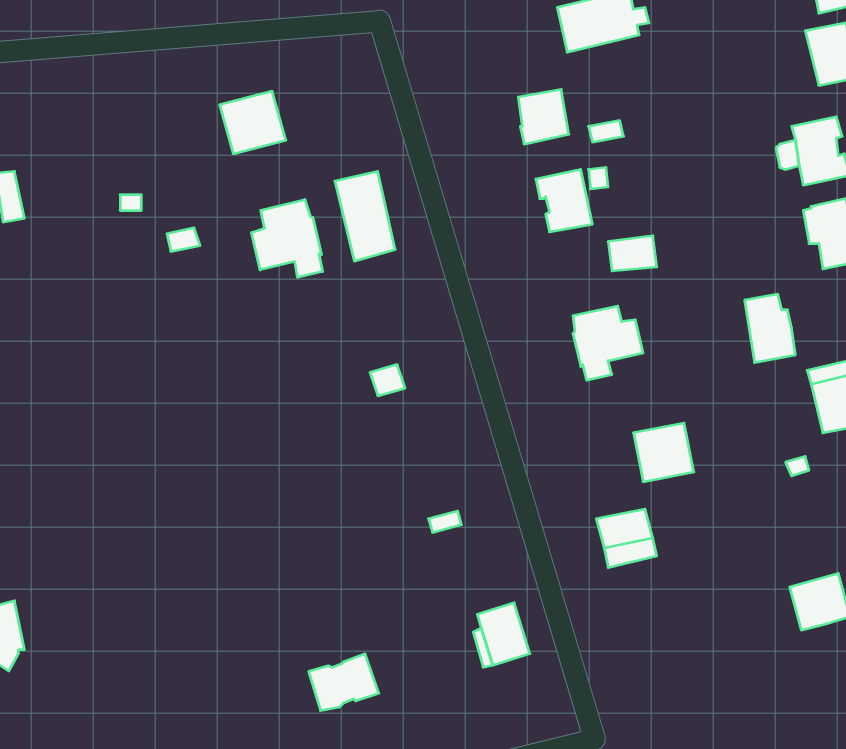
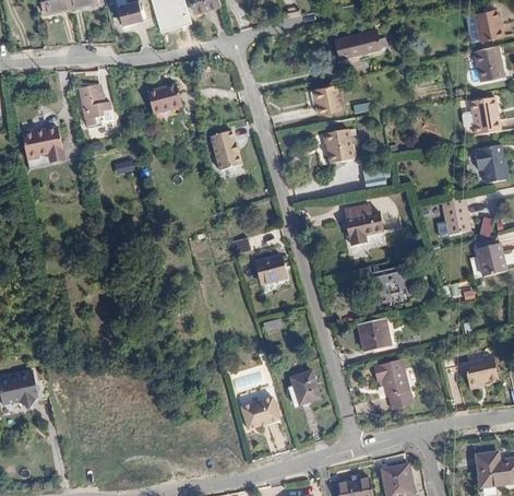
building: none -> [80,85,106,119]
building: none -> [32,126,63,160]
building: [252,199,323,277] -> none
building: none -> [255,255,287,285]
building: none -> [371,356,413,408]
building: [309,654,379,711] -> [240,399,279,430]

